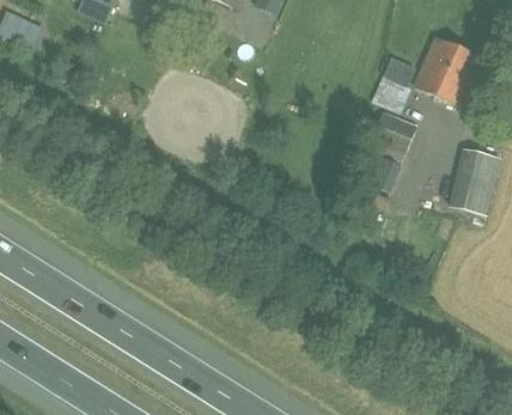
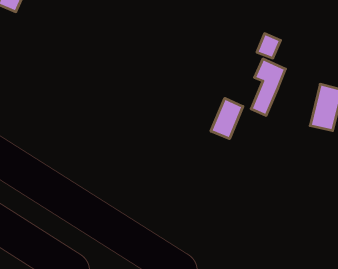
building: [414,36,481,105] -> none
building: none -> [211,98,243,139]

